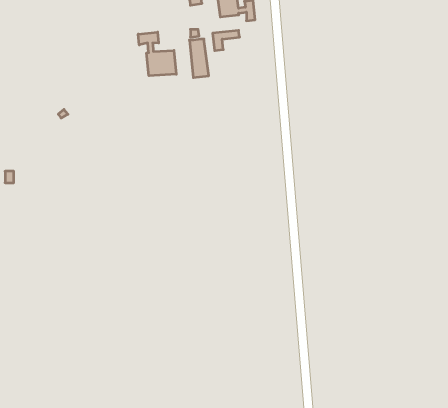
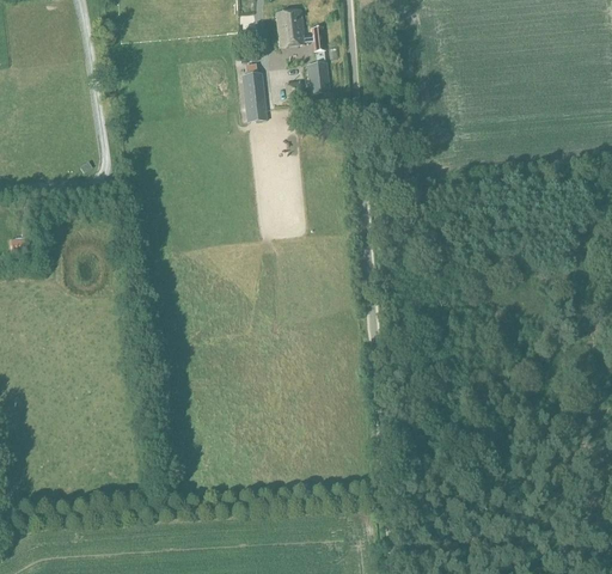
building: none -> [307,62,329,94]
building: [138,32,176,76] -> none

